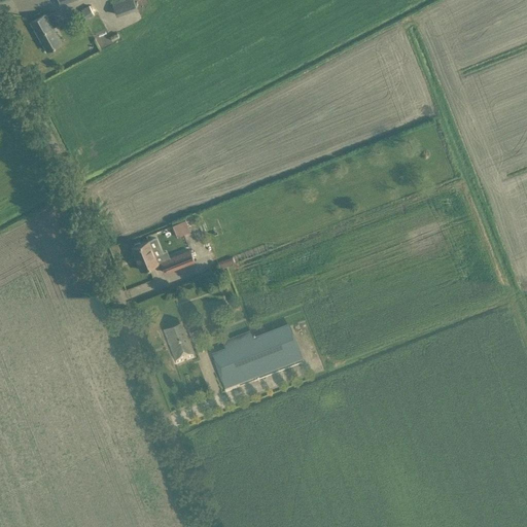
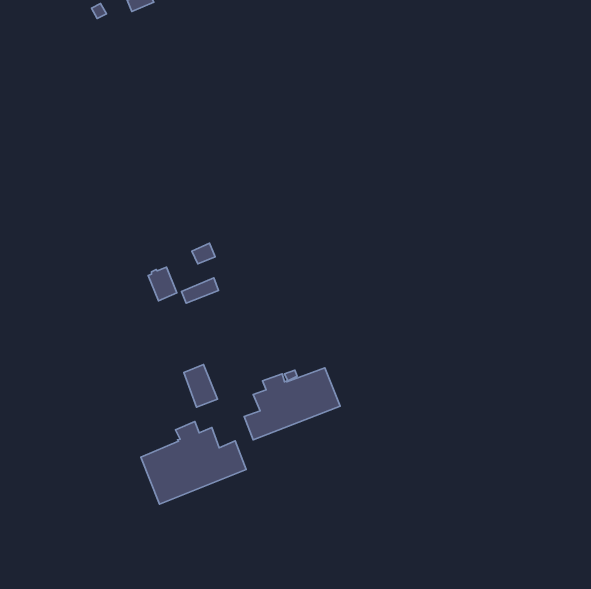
building: [31,11,62,47] -> none
building: none -> [141,421,246,504]

